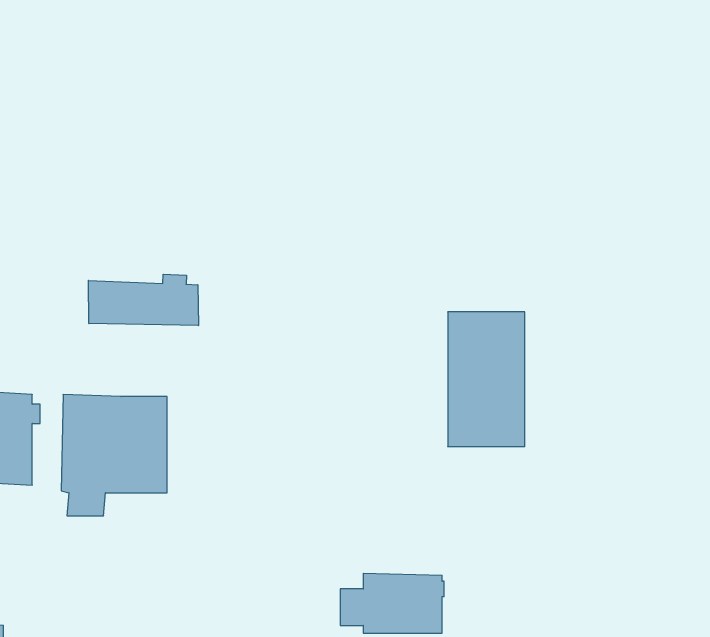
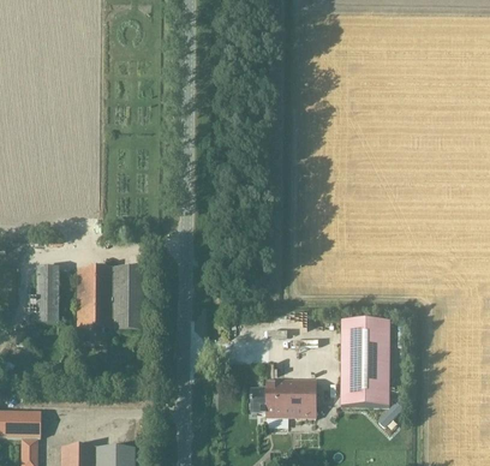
building: [88,274,198,326] -> none
building: [448,312,525,447] -> [340,319,388,404]

